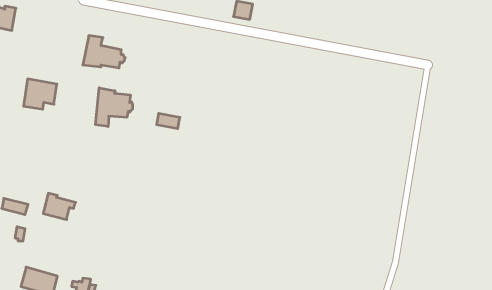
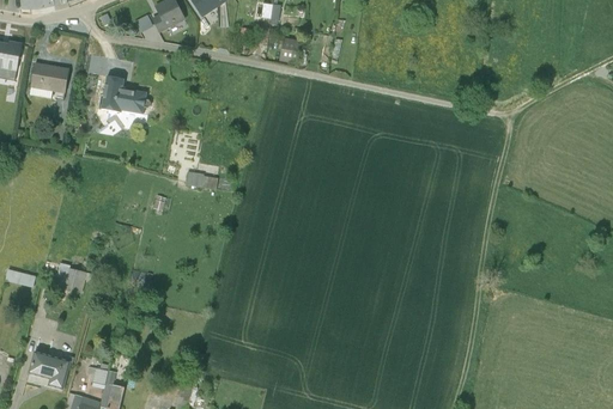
building: [24,79,57,109] -> [29,63,68,99]
building: [96,88,133,127] -> none

